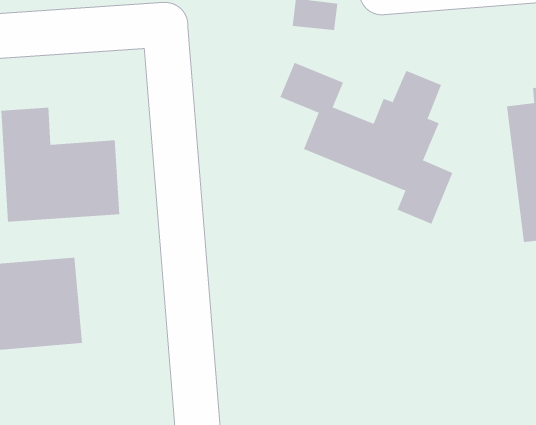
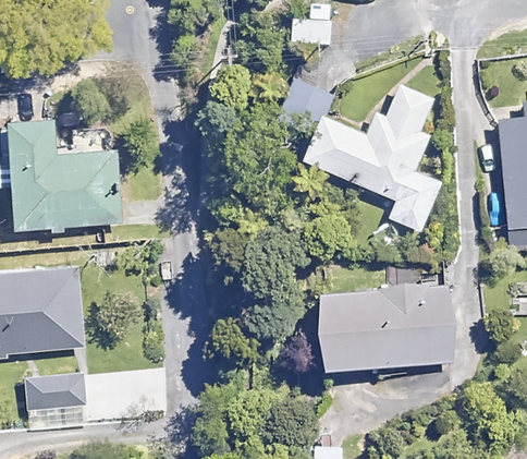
building: none -> [309,287,453,369]
building: none -> [27,374,88,410]

